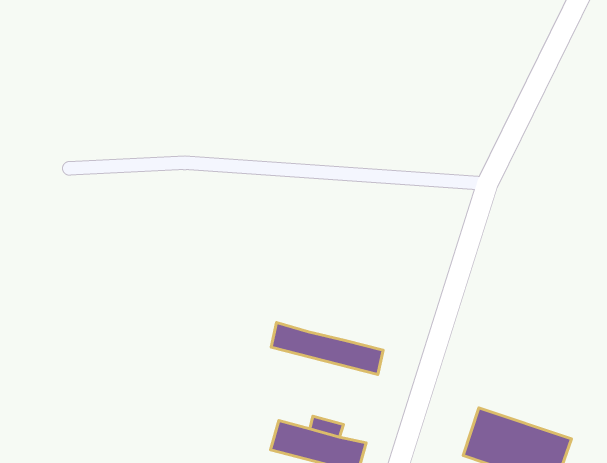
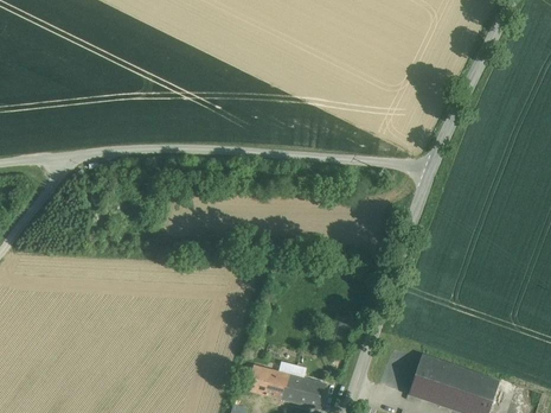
building: [271,323,383,374] -> none

